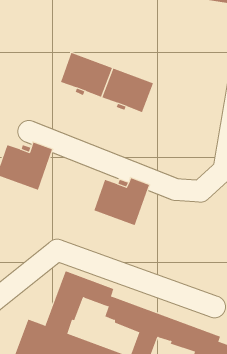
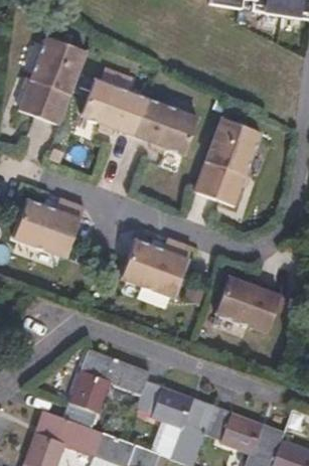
building: none -> [19,35,86,123]
building: none -> [196,116,263,203]
building: none -> [217,273,283,328]

